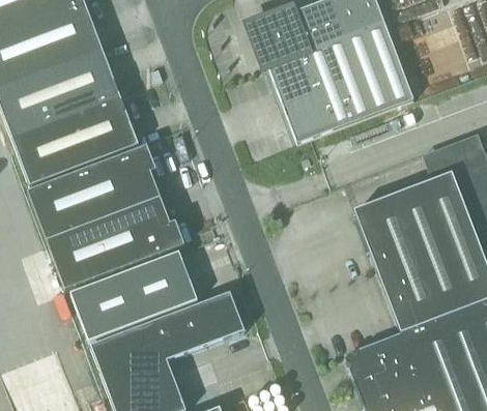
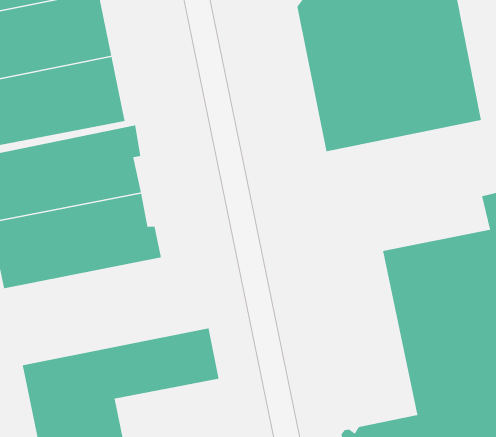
building: [70,252,197,342] -> none

